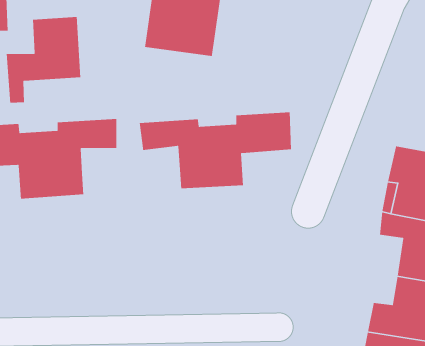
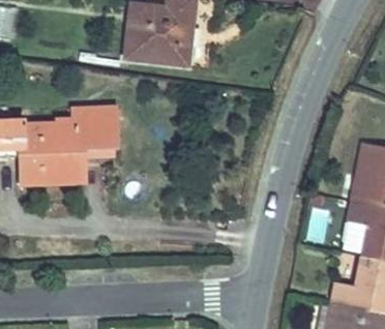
building: [6,16,81,103] -> none
building: [139,111,292,189] -> none

